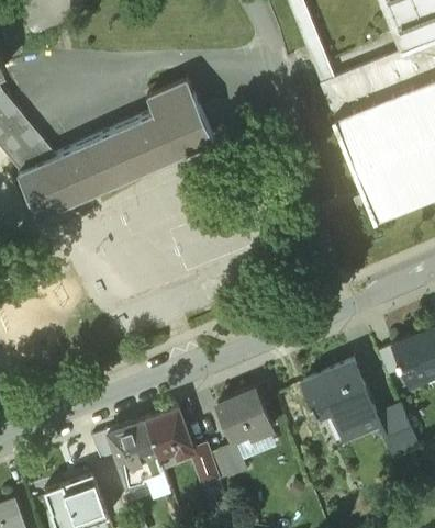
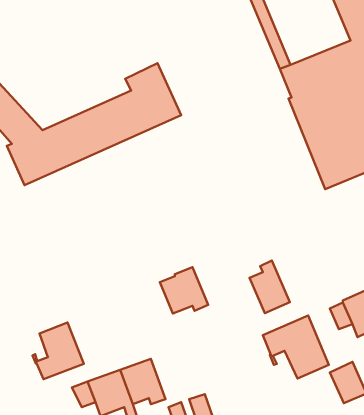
building: none -> [250,261,290,313]
building: none -> [33,323,84,379]
building: [220,392,274,443] -> [160,267,208,314]

